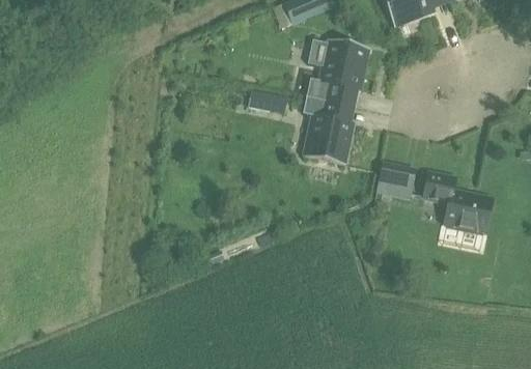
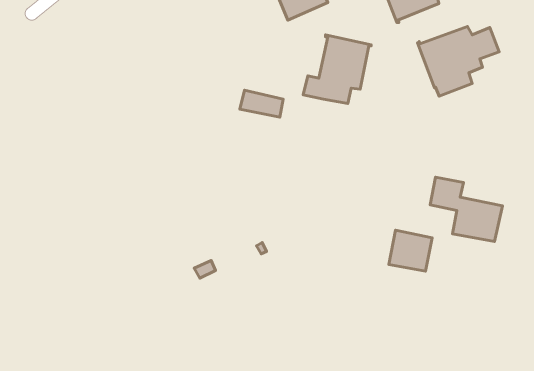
building: none -> [417,26,499,96]
building: [302,98,352,165] -> none
building: [376,162,417,200] -> [389,230,432,271]

